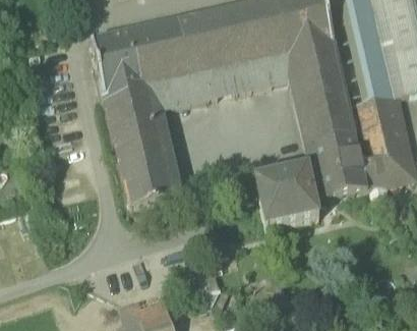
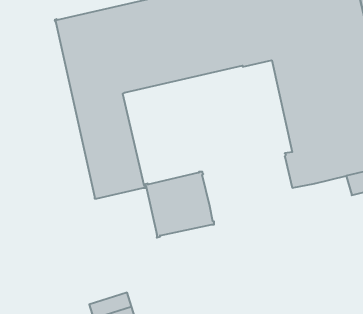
building: [254,161,319,223] -> [145,172,214,238]

